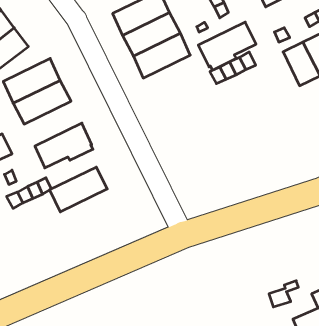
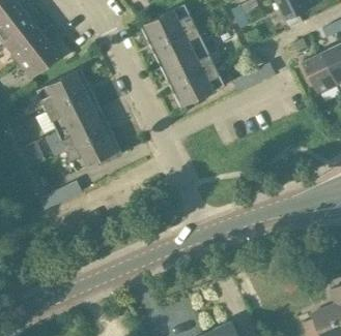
building: [198,22,256,70] -> [168,64,223,110]
building: [49,167,107,212] -> [55,108,110,150]

